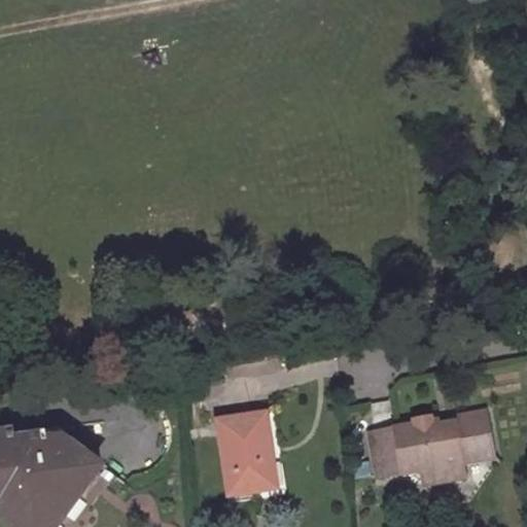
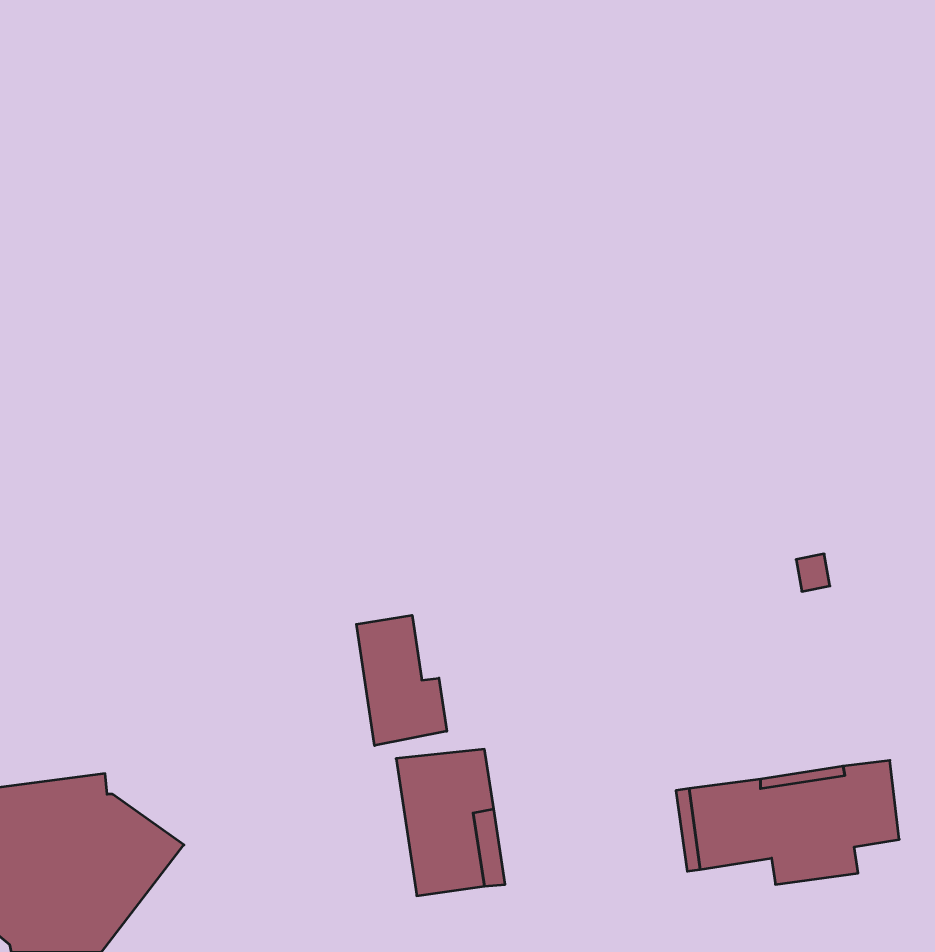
building: none -> [356,615,447,746]

